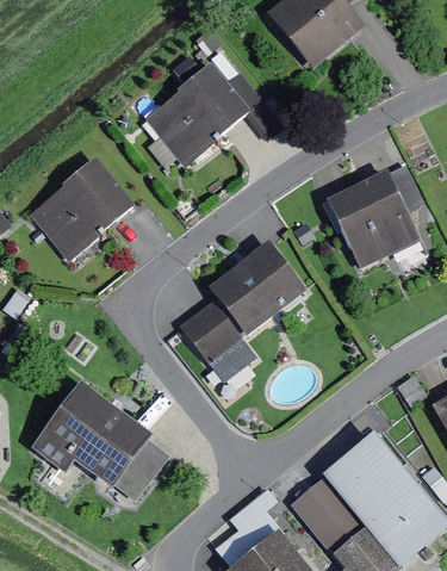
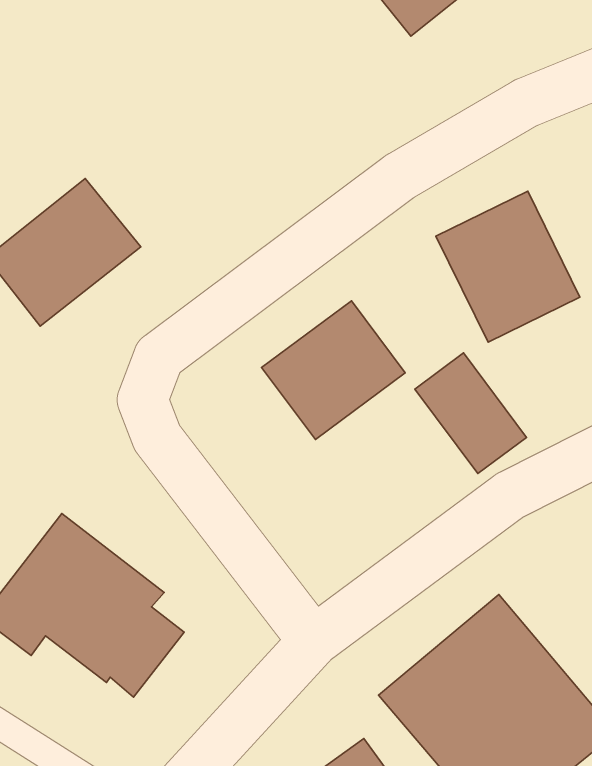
building: [147,62,250,162] -> none
building: [180,298,254,378] -> [415,353,526,474]

